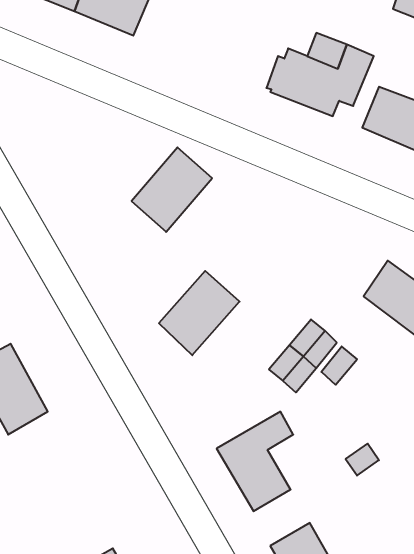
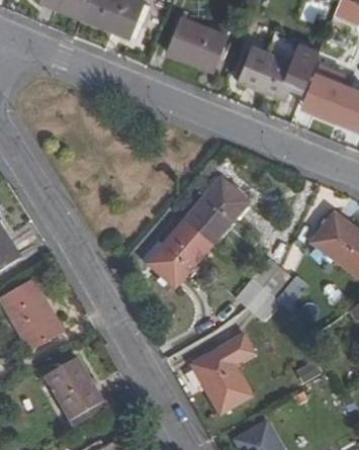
building: none -> [167,19,227,72]
building: [132,147,212,232] -> [185,180,249,247]
building: none -> [42,357,100,420]

